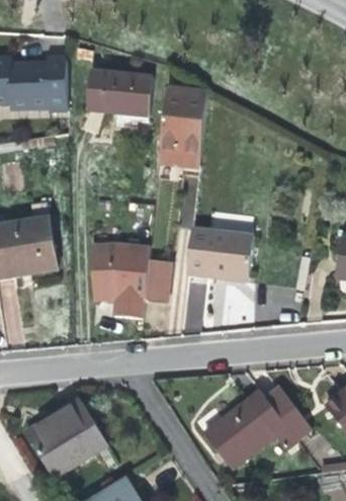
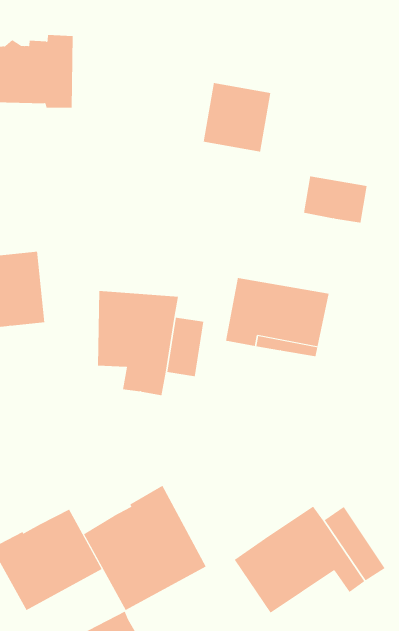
building: [86,67,153,117] -> none
building: [160,130,205,162] -> [303,176,368,223]
building: none -> [83,485,206,611]

